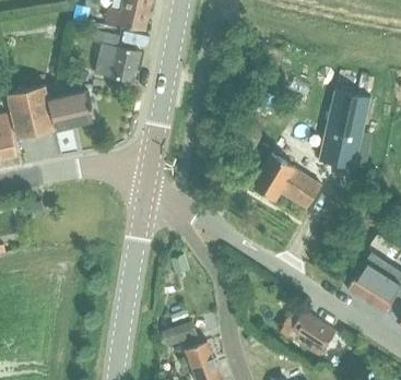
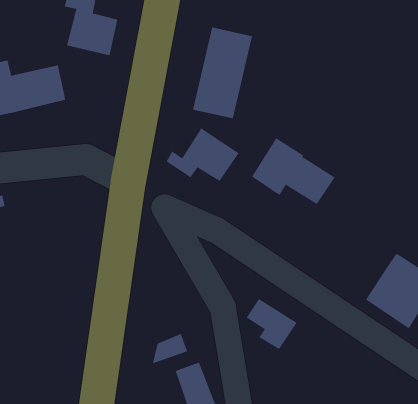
building: [319,91,370,168] -> [192,27,253,119]
building: none -> [166,127,239,182]
building: [293,312,337,356] -> [246,298,297,350]

